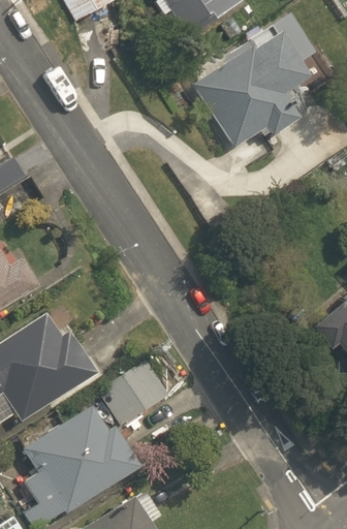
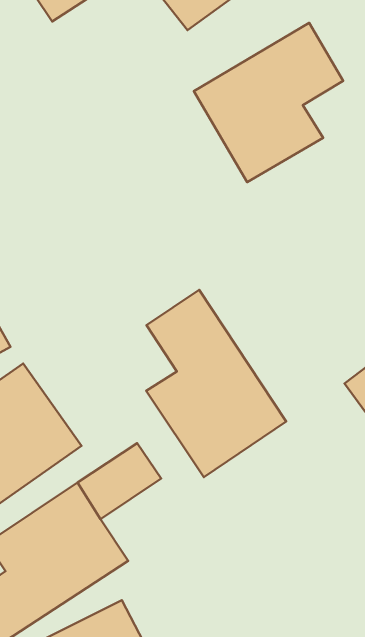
building: none -> [146,290,286,477]

